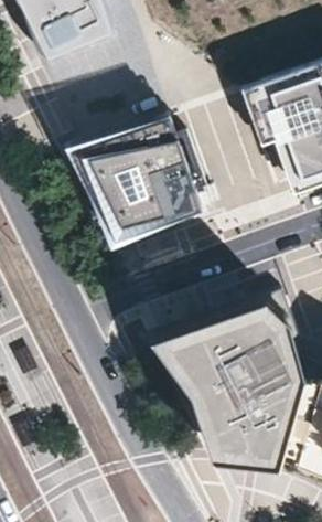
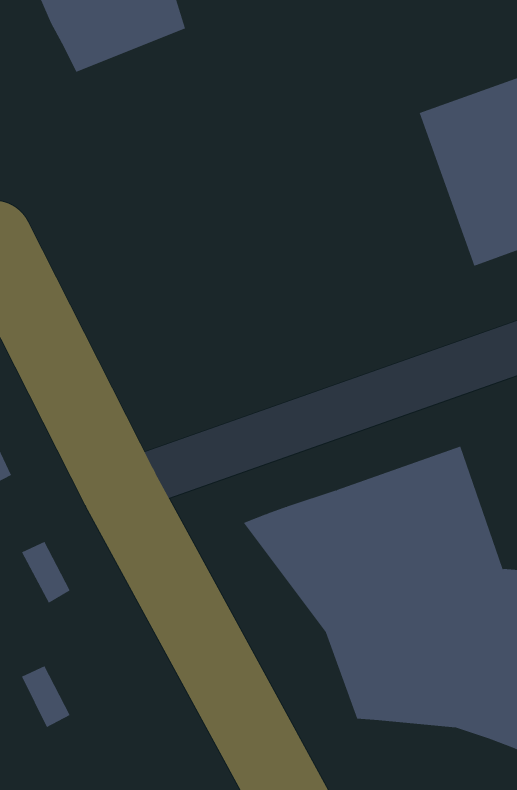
building: [69,119,200,243] -> none

